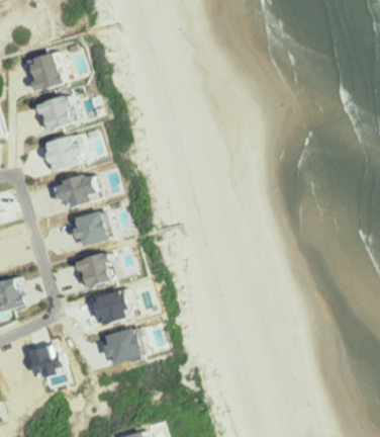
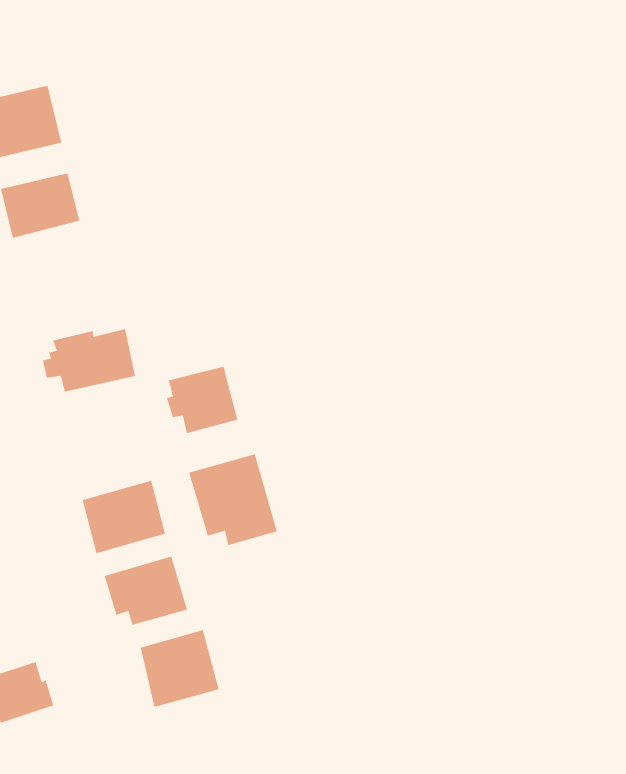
building: [42,134,86,168] -> none
building: [72,210,108,245] -> [166,366,238,434]
building: none -> [189,453,277,546]

